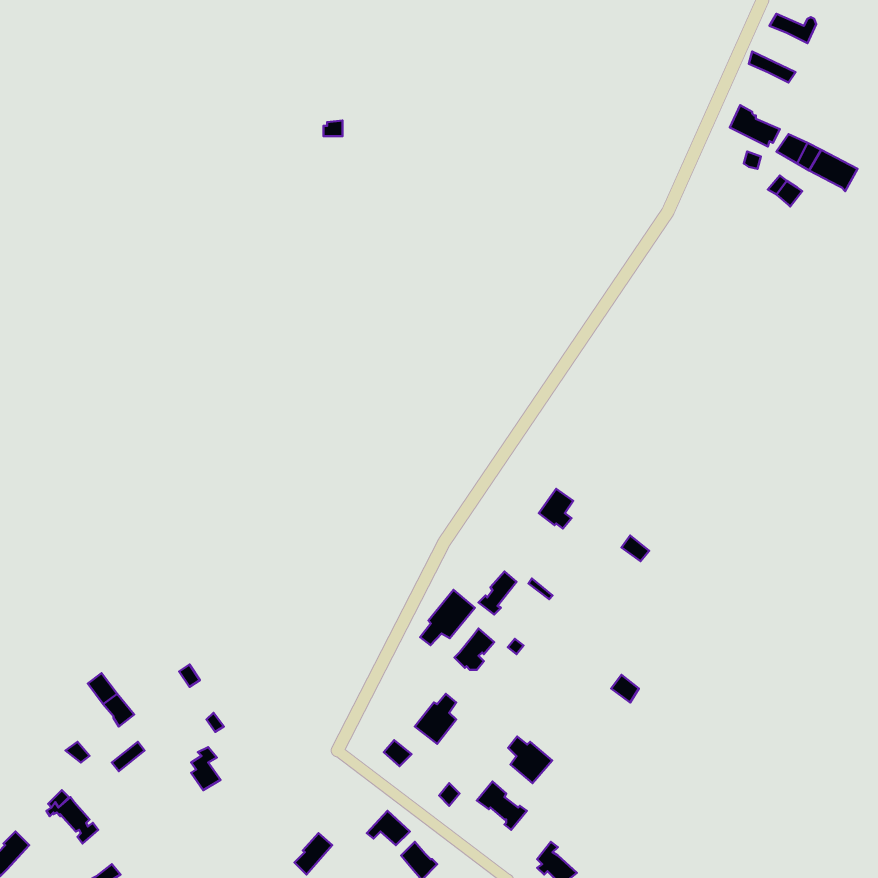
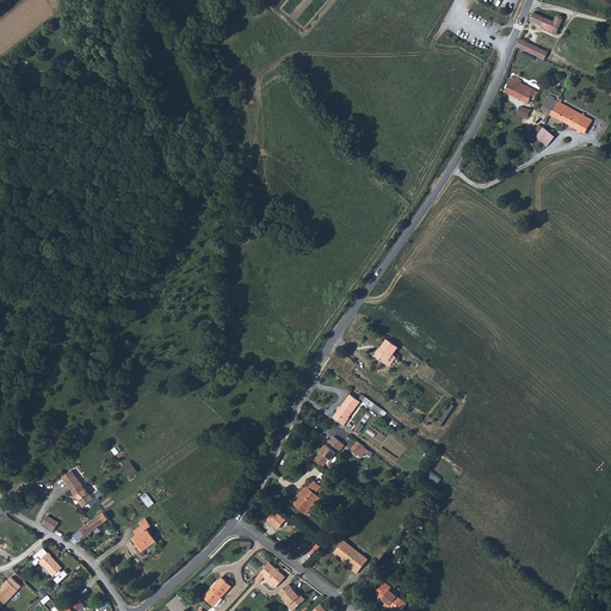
building: [420,590,475,645] -> none
building: [508,737,552,783] -> none

